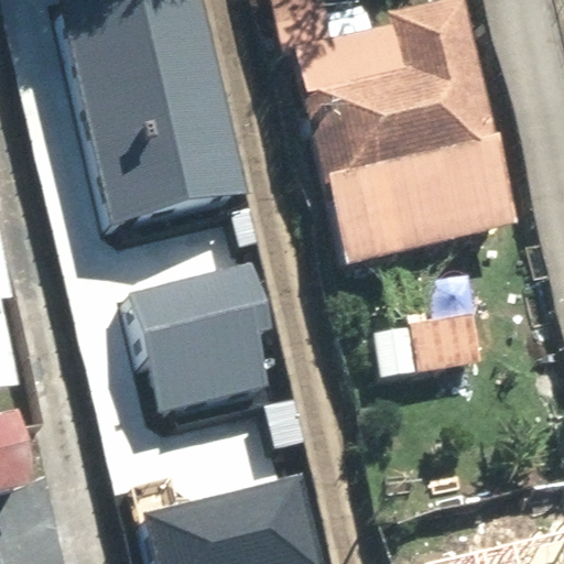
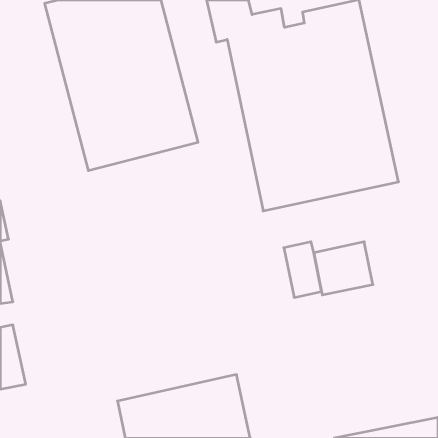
building: [130,258,273,410] -> none

